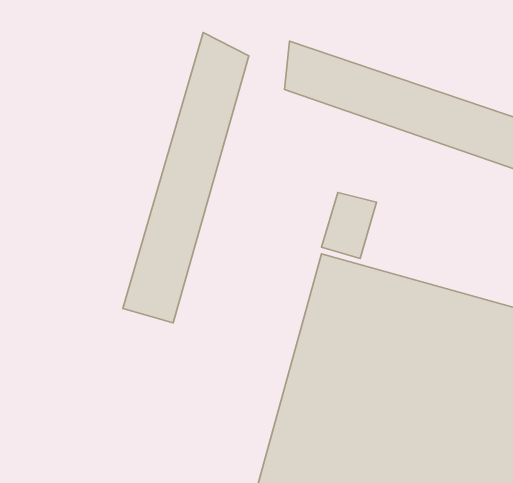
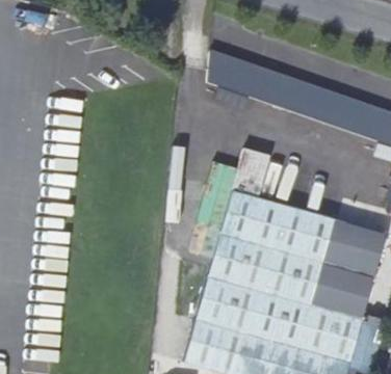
building: [123,33,249,323] -> none

